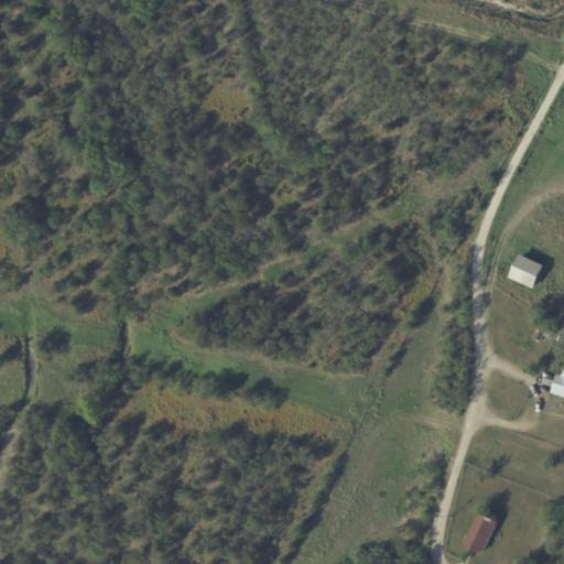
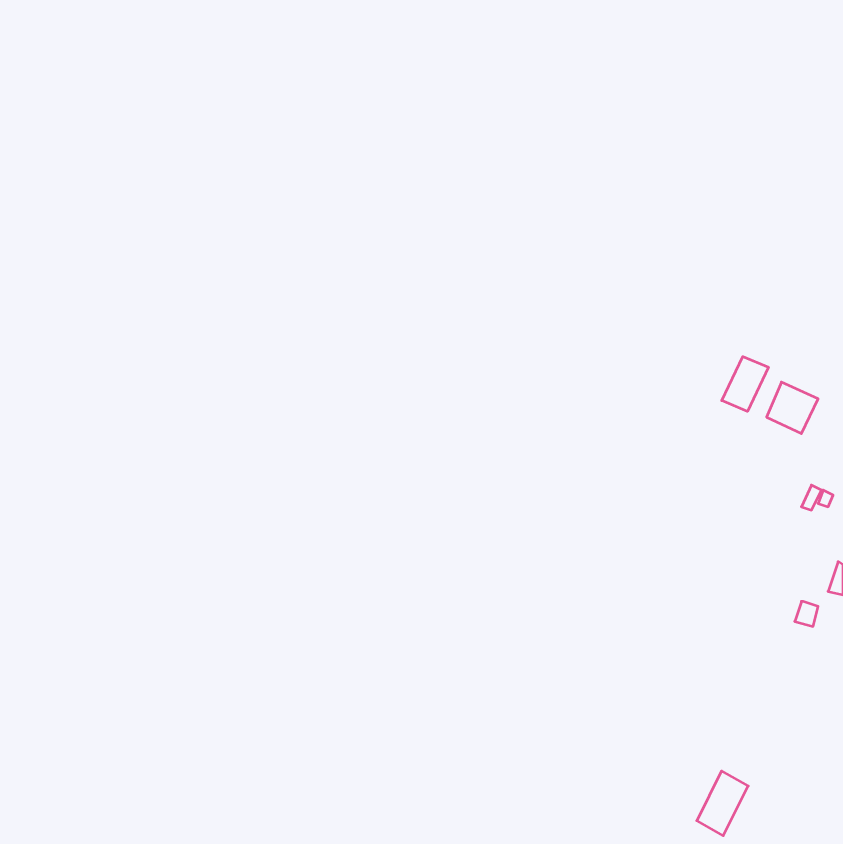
building: none -> [722,357,768,411]

